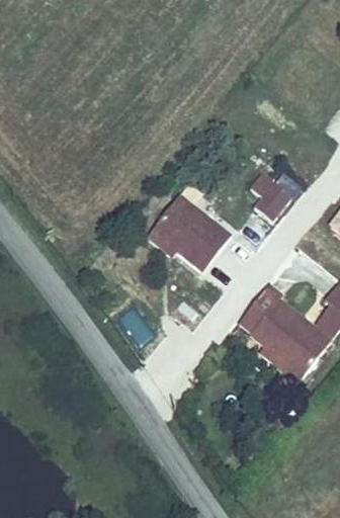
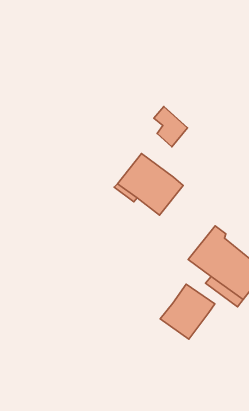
building: [249,172,290,222] -> [154,107,188,147]
building: none -> [160,284,215,339]

